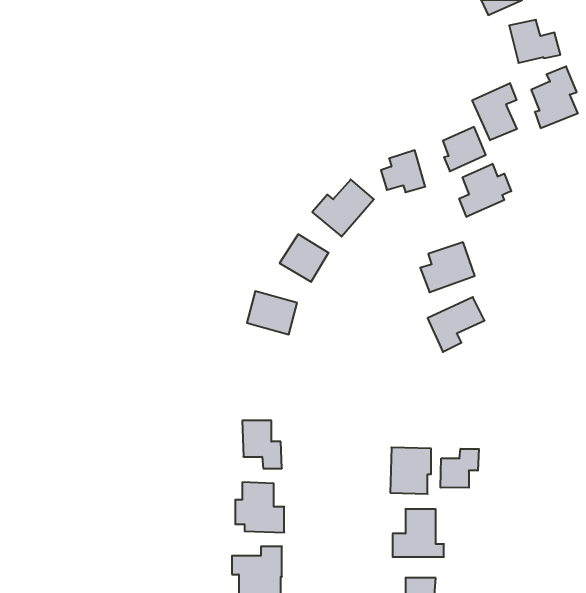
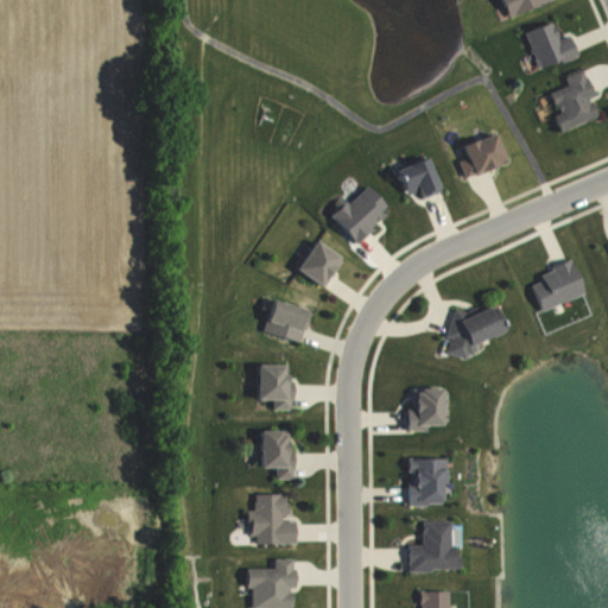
building: [472,83,517,140] -> none
building: [459,164,511,217] -> none
building: [420,242,475,292] -> [533,260,589,311]
building: none -> [252,365,296,411]
building: none -> [408,390,439,429]
building: [440,449,479,488] -> none

